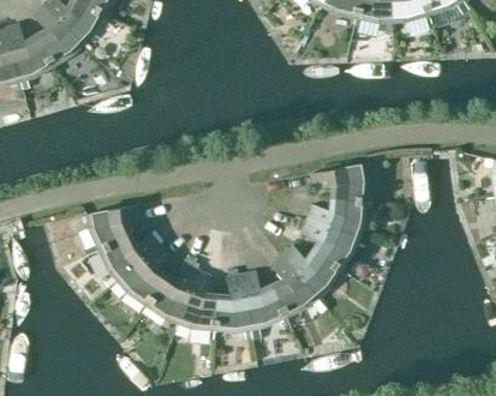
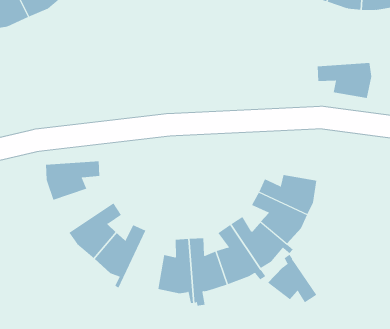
building: [309,163,366,200] -> [317,62,372,98]
building: [96,233,159,281] -> none
building: [173,270,215,334] -> none
building: none -> [267,254,317,303]

